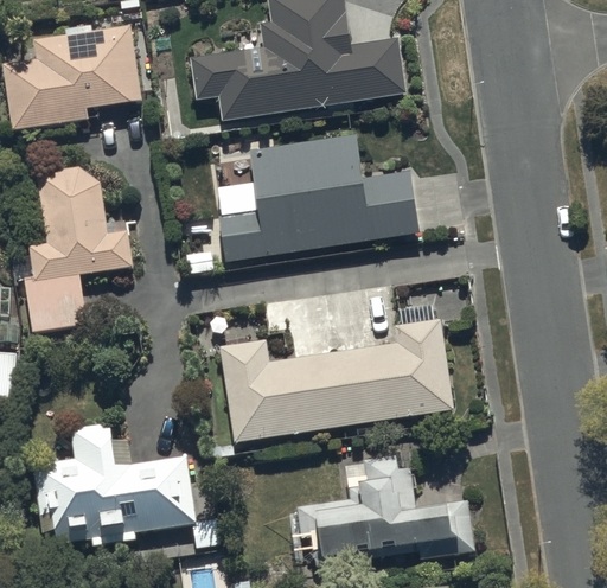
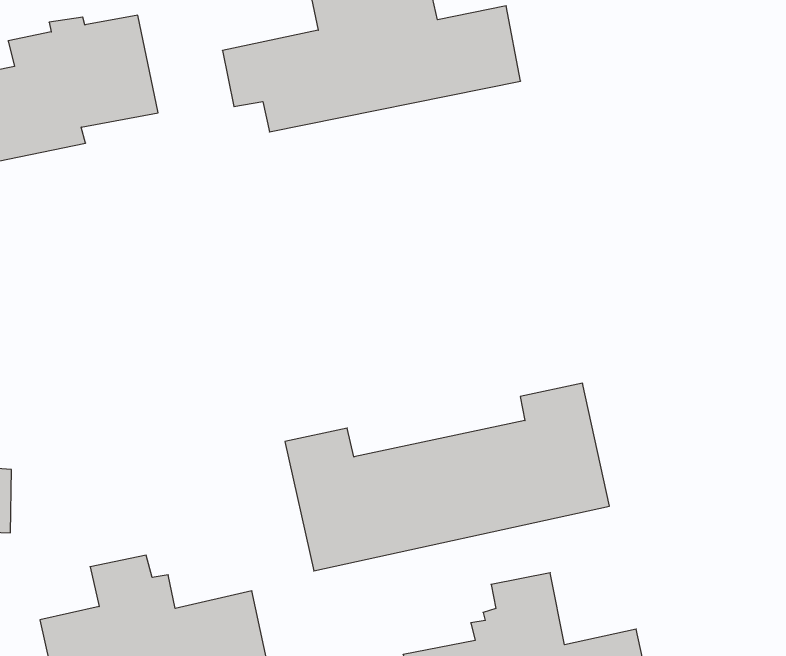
building: [219,133,416,260] -> none
building: [21,167,130,335] -> none

